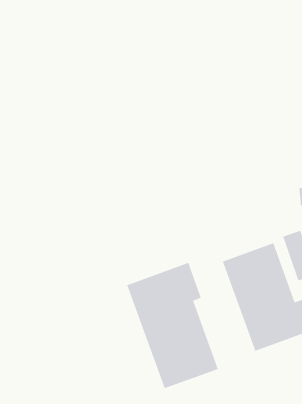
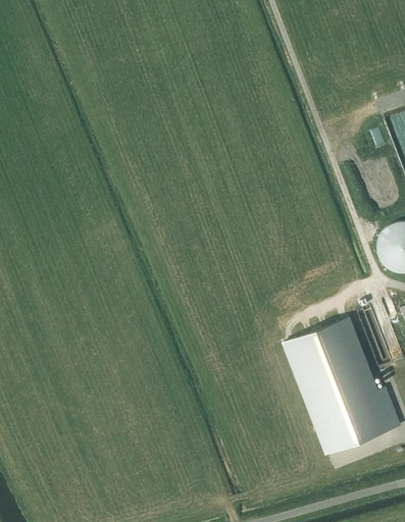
building: [126,262,219,389] -> none

